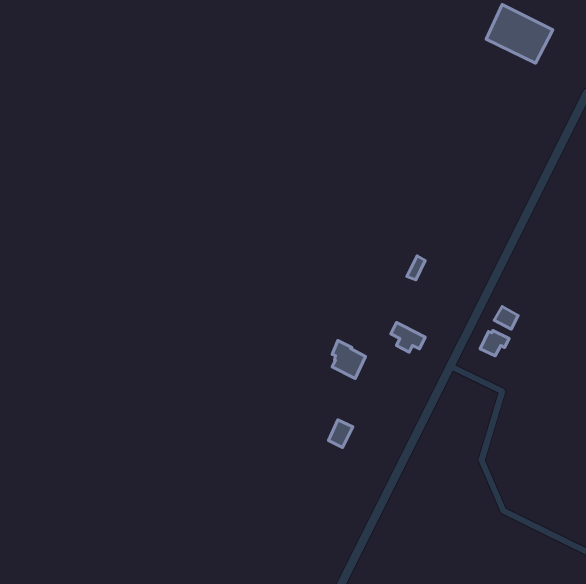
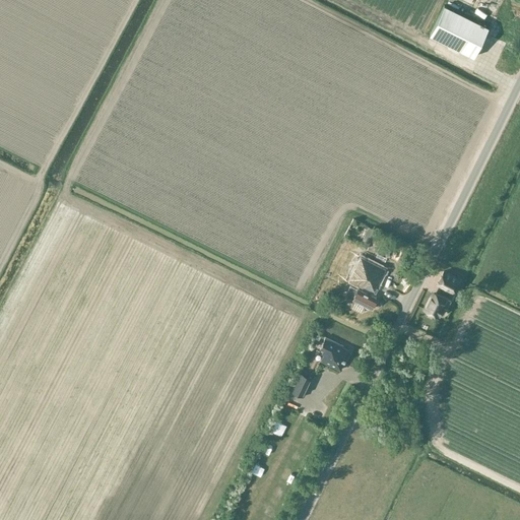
building: none -> [347,255,387,294]
building: [332,341,366,378] -> [321,338,350,372]

